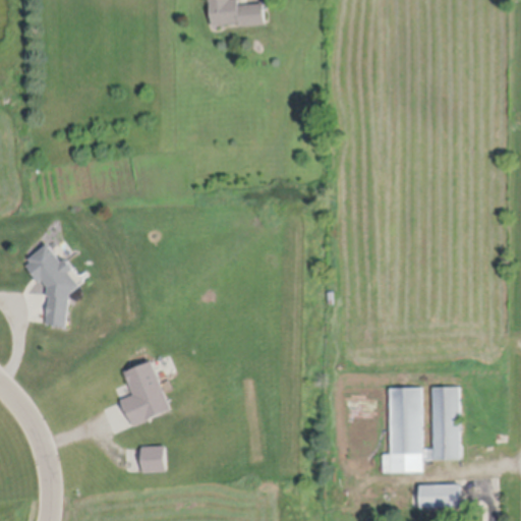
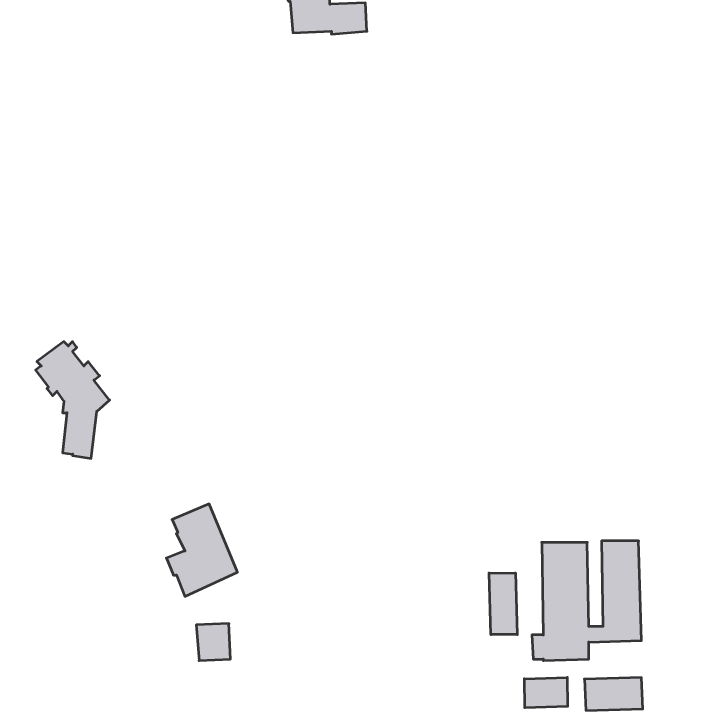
building: none -> [489,573,517,635]
building: none -> [524,677,568,708]

